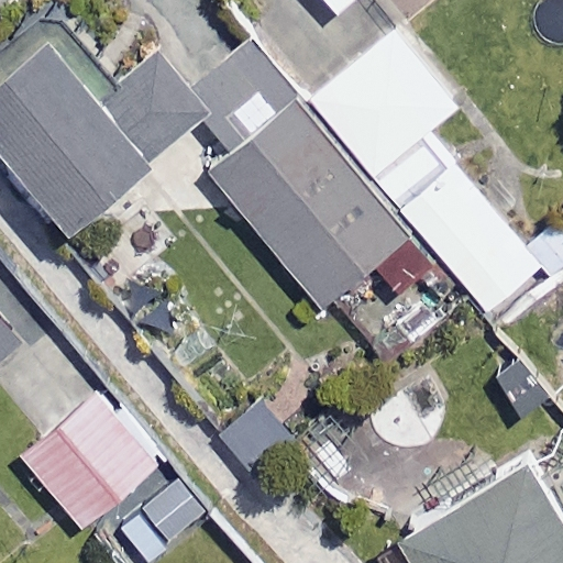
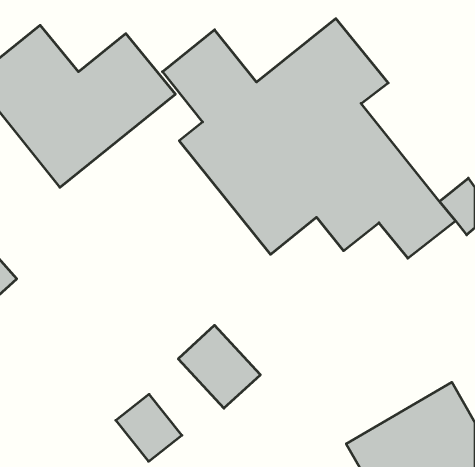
building: [26,398,157,529] -> none

